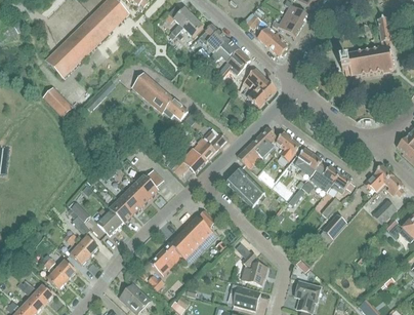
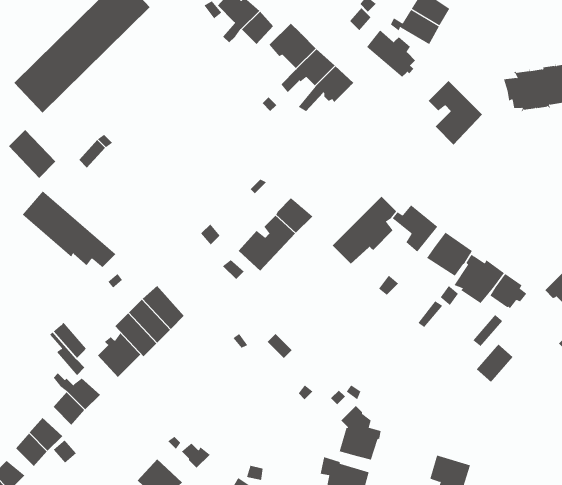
building: [243,69,276,108] -> [428,80,483,145]
building: [131,73,188,119] -> [22,191,116,268]
building: [132,168,163,199] -> none
building: [226,169,267,221] -> none
building: [150,216,212,272] -> none

